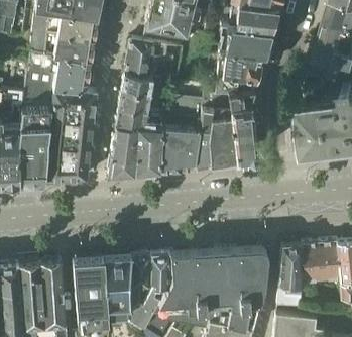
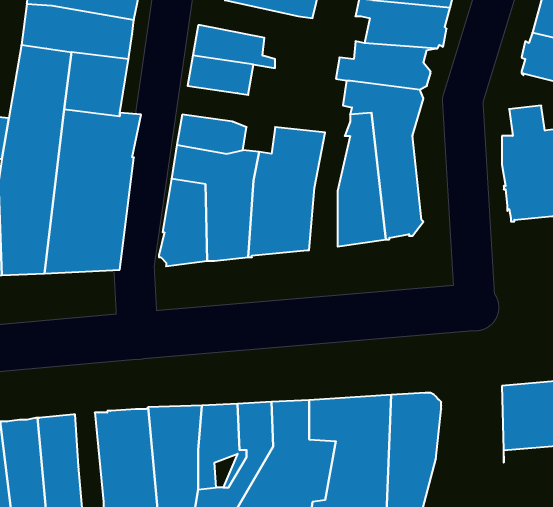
building: [122,74,159,97] -> none
building: [194,90,217,166] -> none
building: [278,243,304,307] -> none

